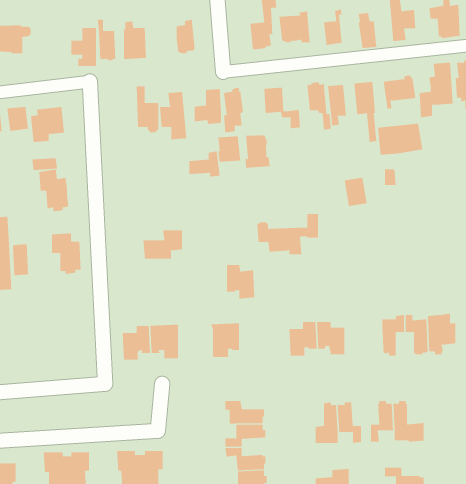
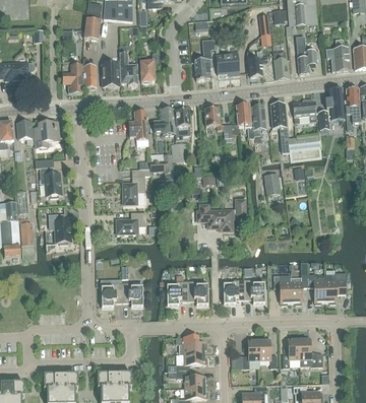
building: [136,86,159,133] -> [120,52,137,86]
building: [245,135,270,169] -> none
building: none -> [122,175,145,203]
building: [226,264,255,299] -> [187,279,208,305]
building: none -> [273,274,292,304]

